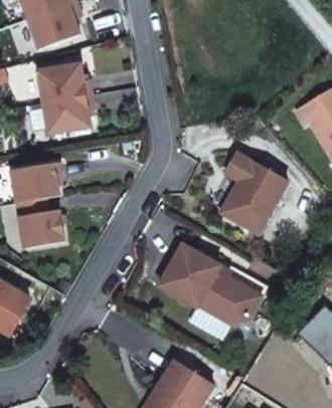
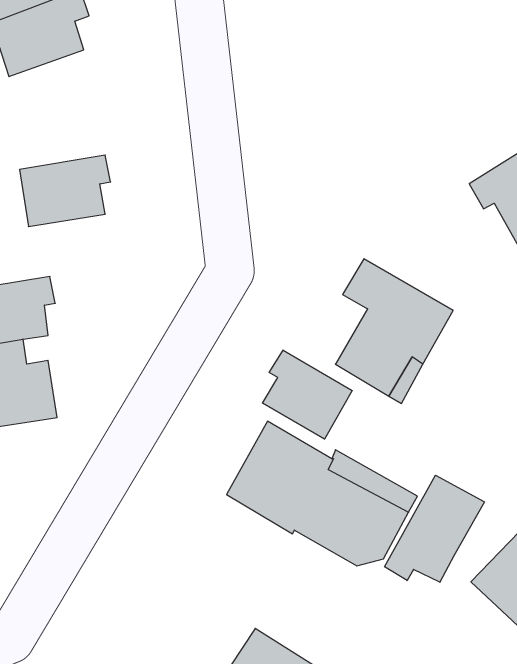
building: [37,63,91,101] -> none
building: none -> [262,350,352,439]
building: none -> [385,475,484,582]

